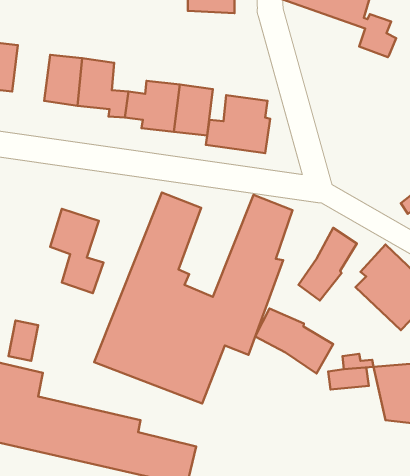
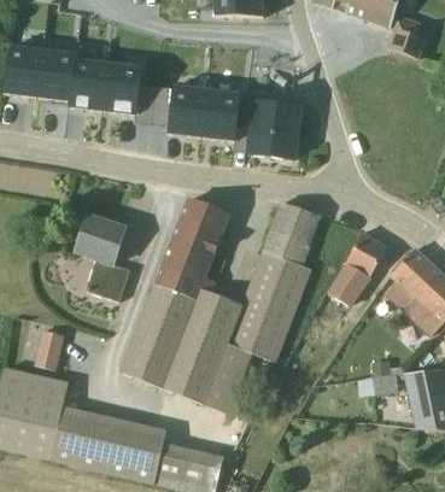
building: none -> [36,47,75,99]
building: [255,309,333,374] -> none

